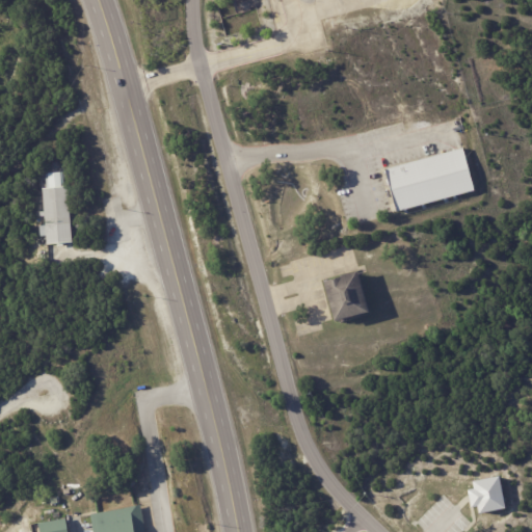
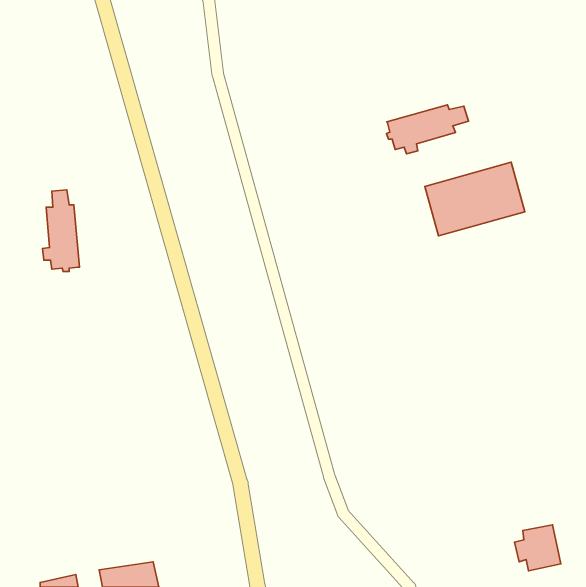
building: none -> [386,105,468,154]
building: [322,272,375,325] -> none

